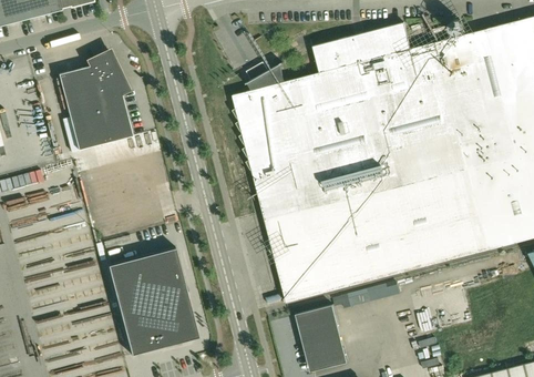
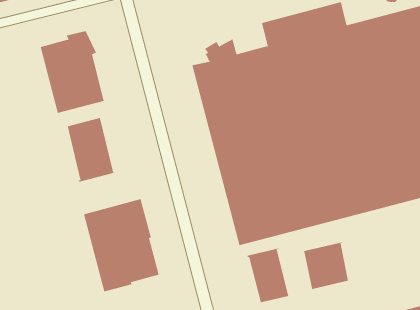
building: none -> [67,117,117,182]
building: none -> [301,241,349,290]

